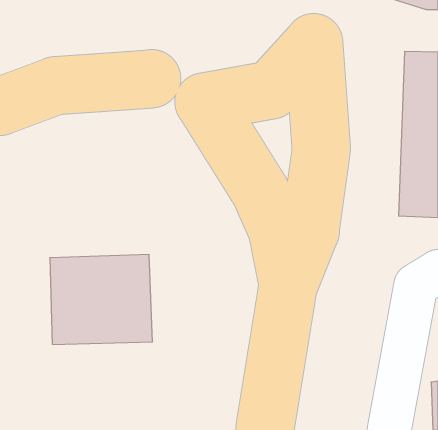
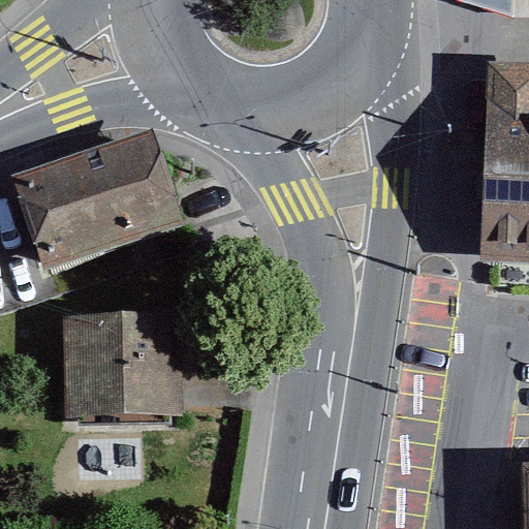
building: none -> [14,130,186,269]

